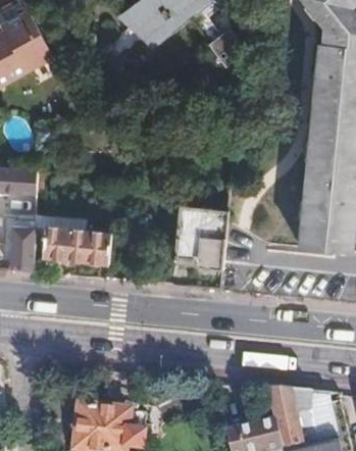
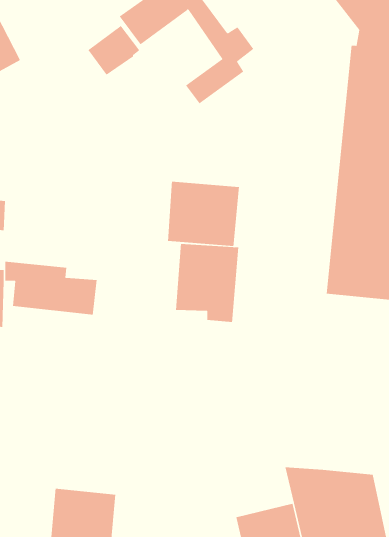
building: none -> [167,181,240,247]

